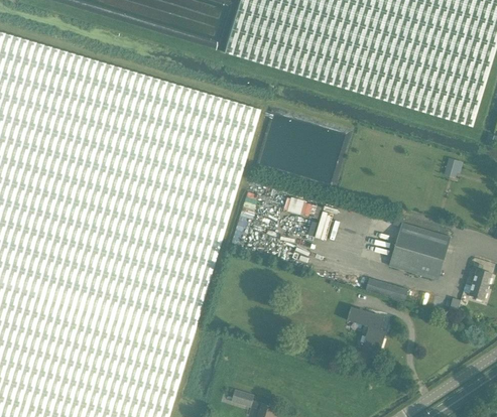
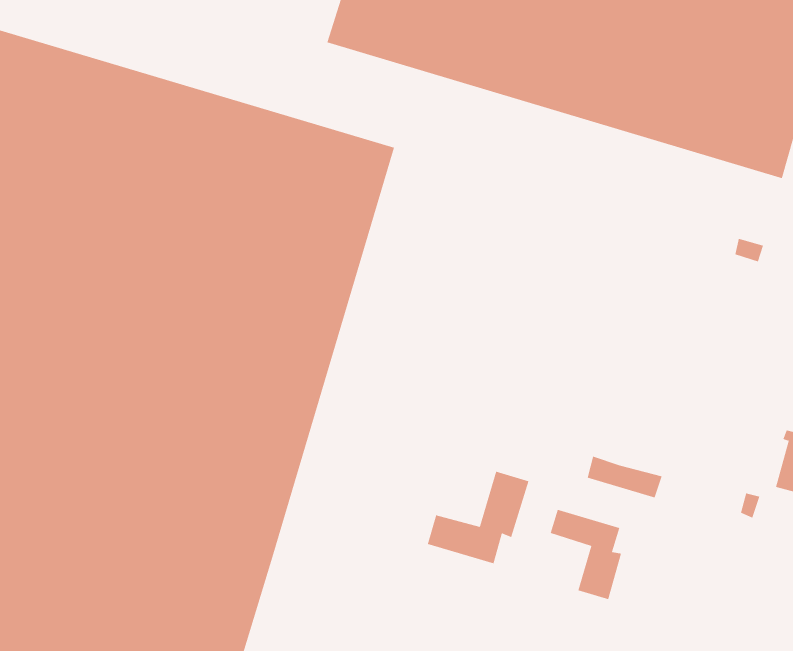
building: [388,216,449,280] -> none
building: none -> [427,471,529,564]

